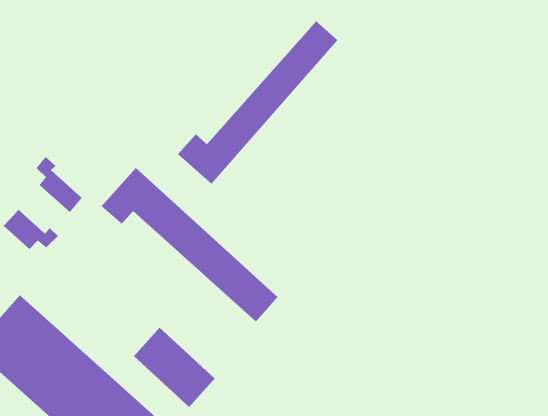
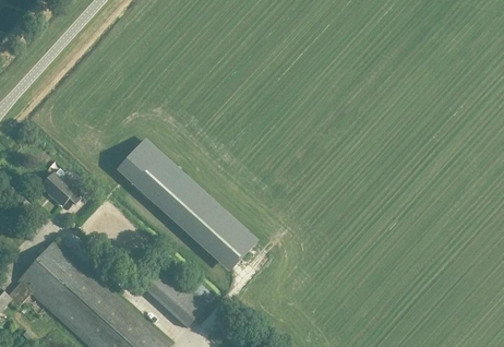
building: [177,20,338,185] -> none
building: [36,156,83,213] -> none

